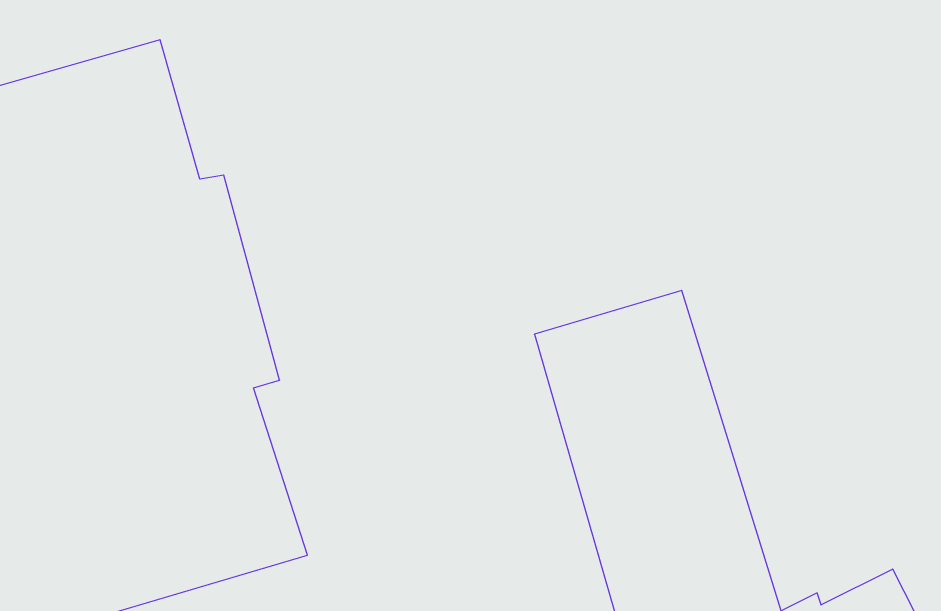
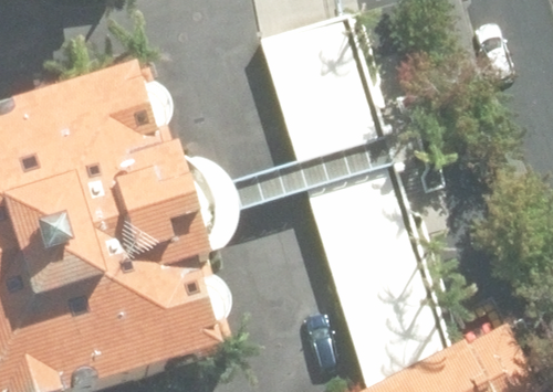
building: none -> [261,23,384,165]

